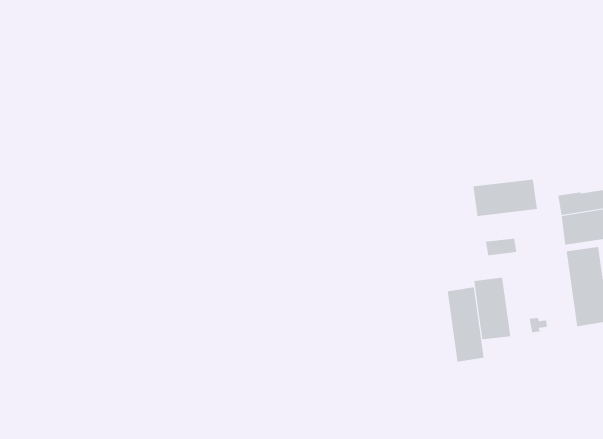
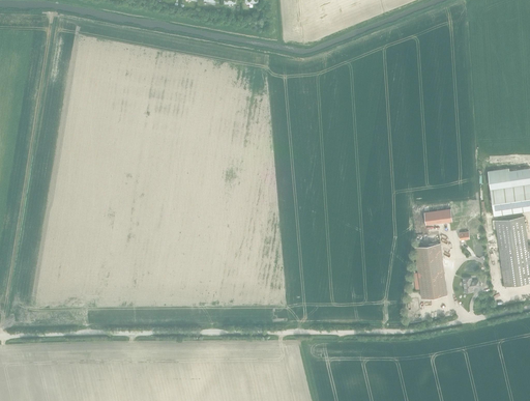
building: [473,179,537,217] -> none
building: [447,286,484,363] -> none

